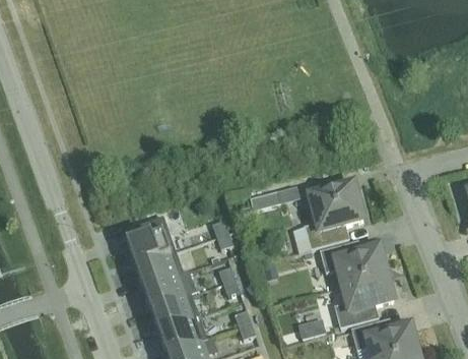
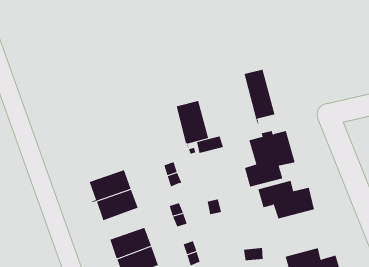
building: none -> [244,69,275,125]
building: none -> [176,100,209,149]
building: [143,272,192,309] -> none
building: [335,274,394,326] -> none

